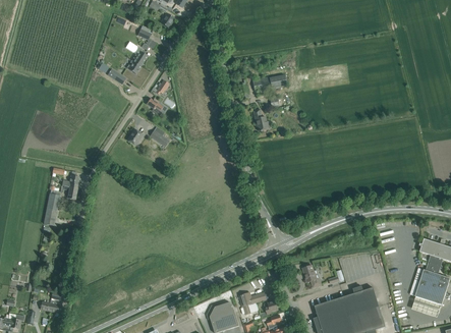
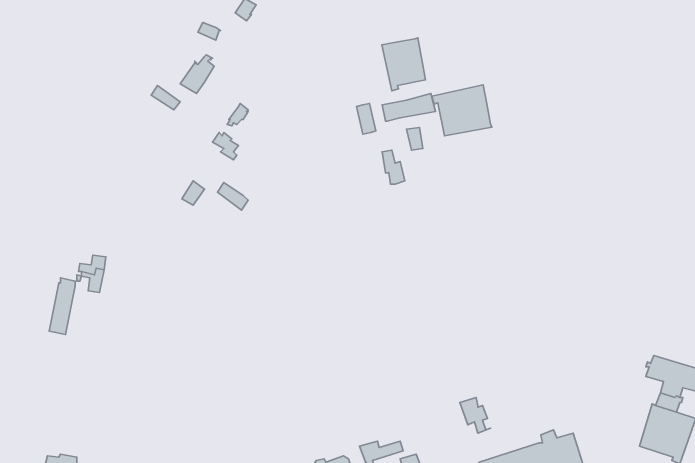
building: none -> [382,38,425,91]
building: none -> [432,85,492,136]

